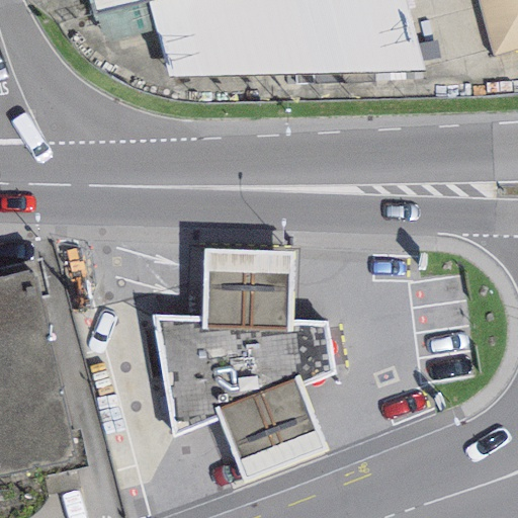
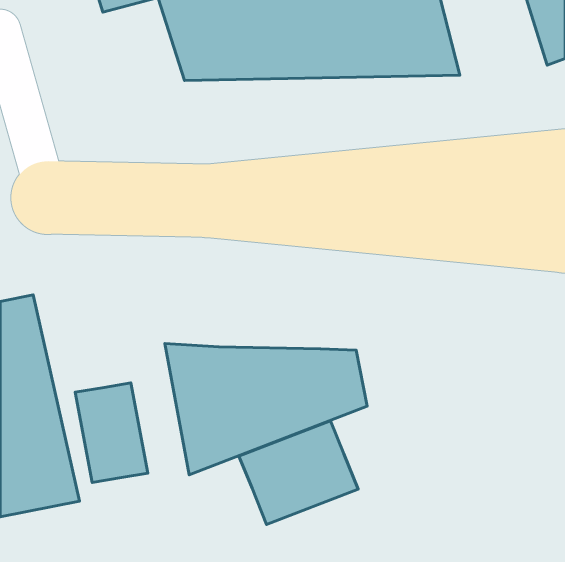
building: [200,249,293,320] -> none
building: none -> [75,383,148,483]

